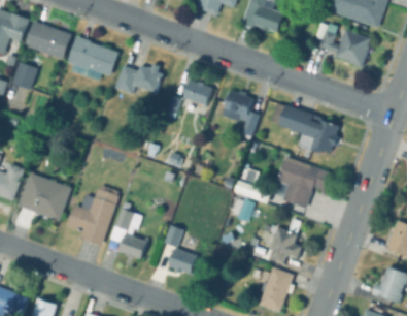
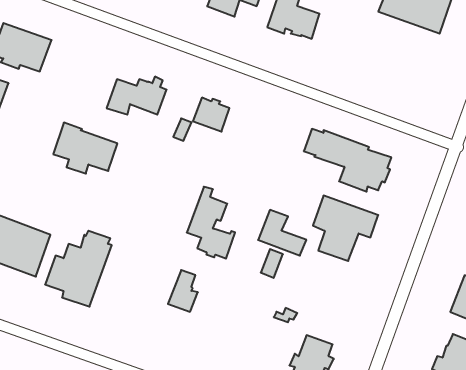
building: [313,21,371,66] -> none
building: [68,35,118,75] -> [53,123,117,174]
building: [221,89,260,135] -> none
building: [110,201,148,258] -> [187,187,235,259]
building: [262,218,302,263] -> none
building: [168,247,197,273] -> none

